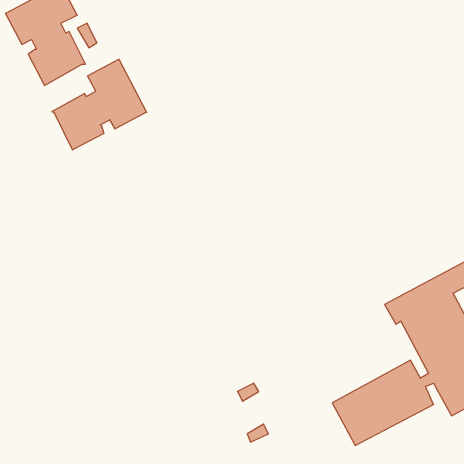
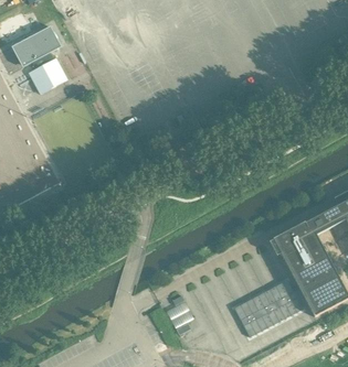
building: [52,59,147,150] -> none

